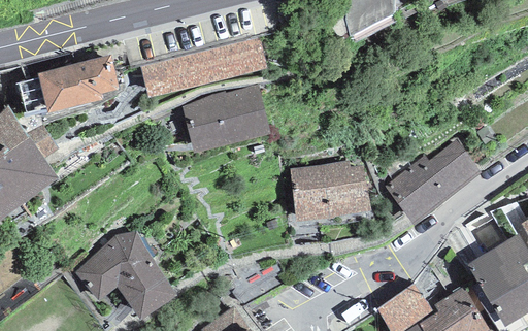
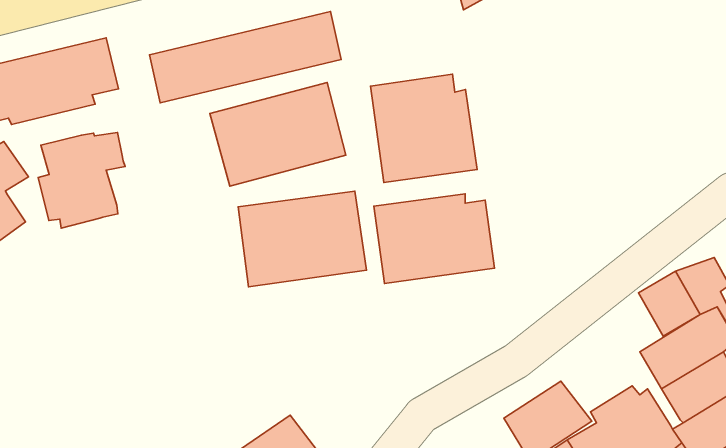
building: none -> [370,74,477,183]
building: none -> [38,132,125,228]
building: [383,140,482,226] -> none
building: none -> [238,191,367,287]
building: [74,231,176,320] -> none

